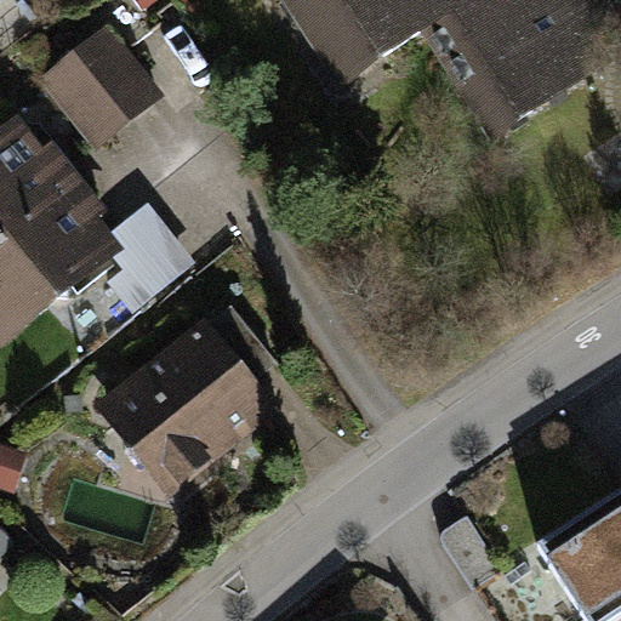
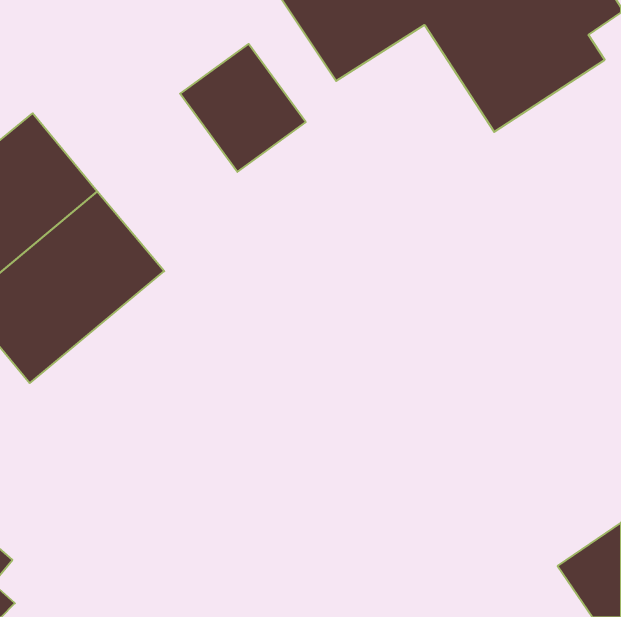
building: [38,25,160,150] -> [180,44,306,172]
building: [101,313,285,491] -> none

